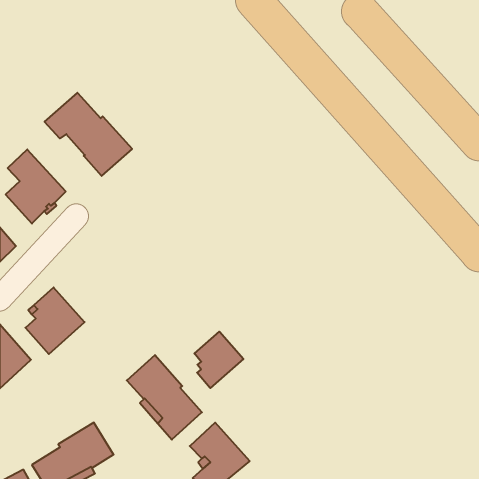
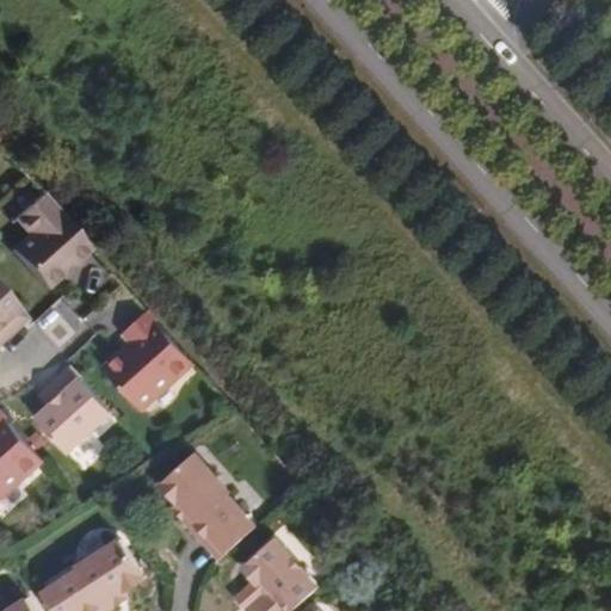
building: [45,93,132,176] -> none
building: none -> [103,309,189,408]
building: [194,332,243,388] -> none

